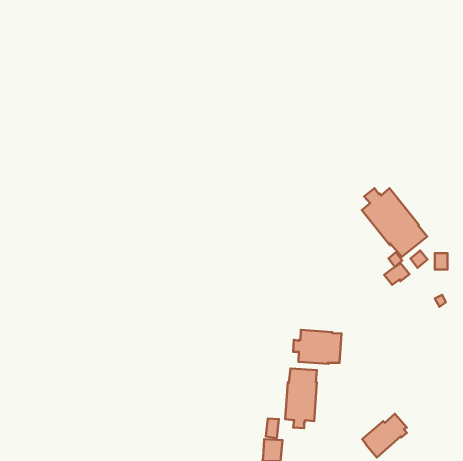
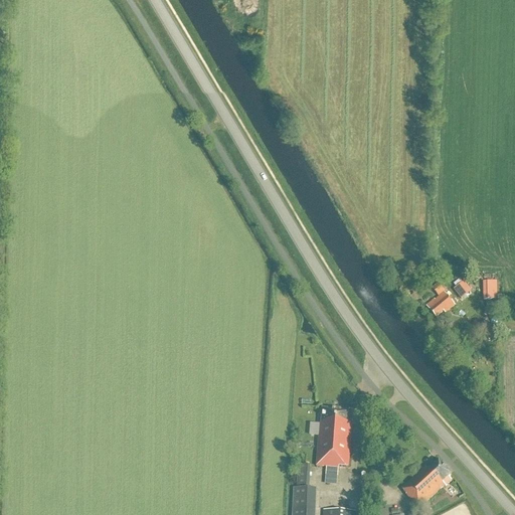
building: [362,188,427,257] -> none
building: [293,330,342,364] -> none

